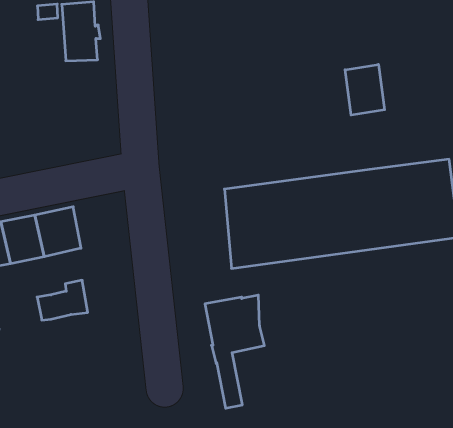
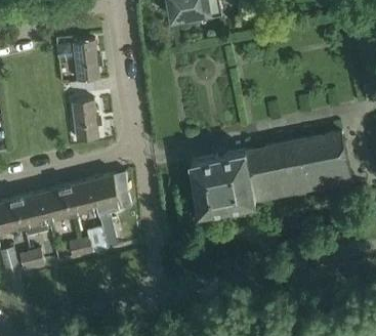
building: [345,64,385,115] -> none
building: none -> [72,100,98,142]
building: [205,295,264,408] -> [88,172,130,250]

